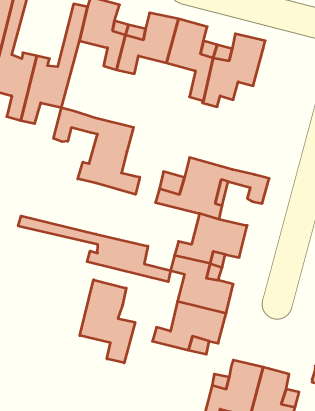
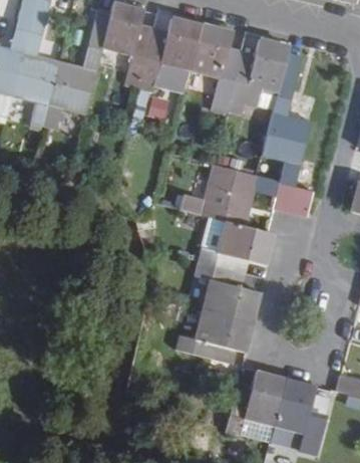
building: none -> [262,55,310,186]
building: [54,108,140,194] -> none
building: [18,216,170,282] -> none
building: [80,280,135,363] -> none

